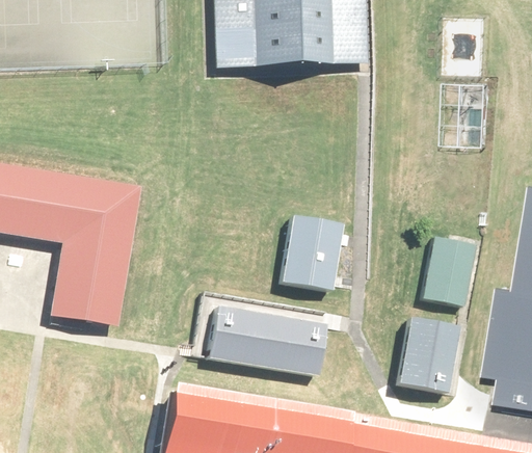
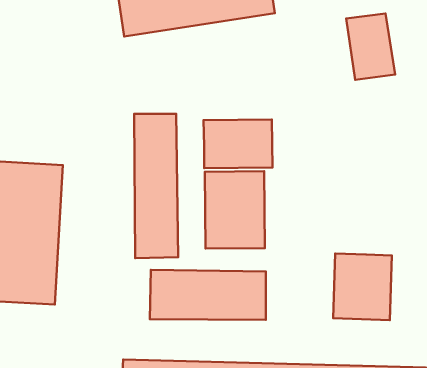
building: none -> [134,114,178,258]
building: none -> [204,120,272,168]
building: [420,240,479,311] -> none

